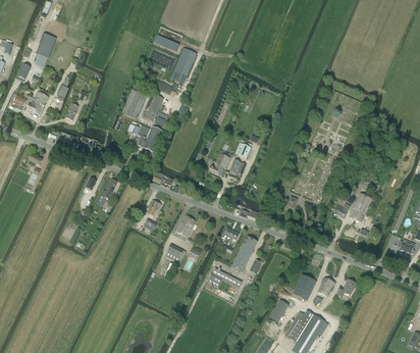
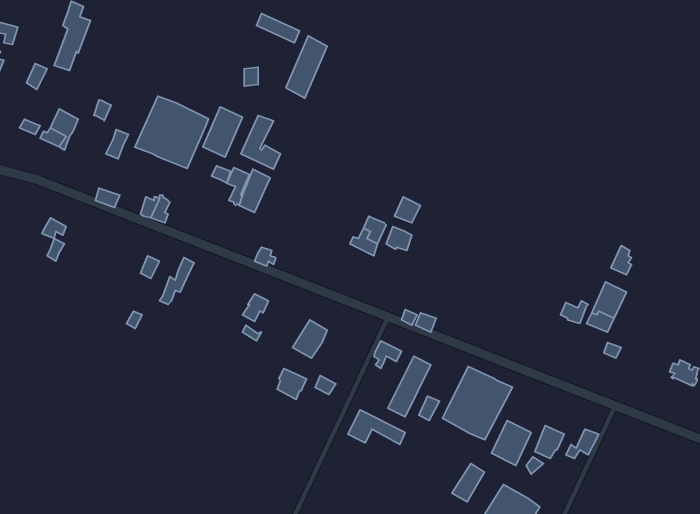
building: none -> [135,96,209,169]
building: none -> [443,367,512,440]

